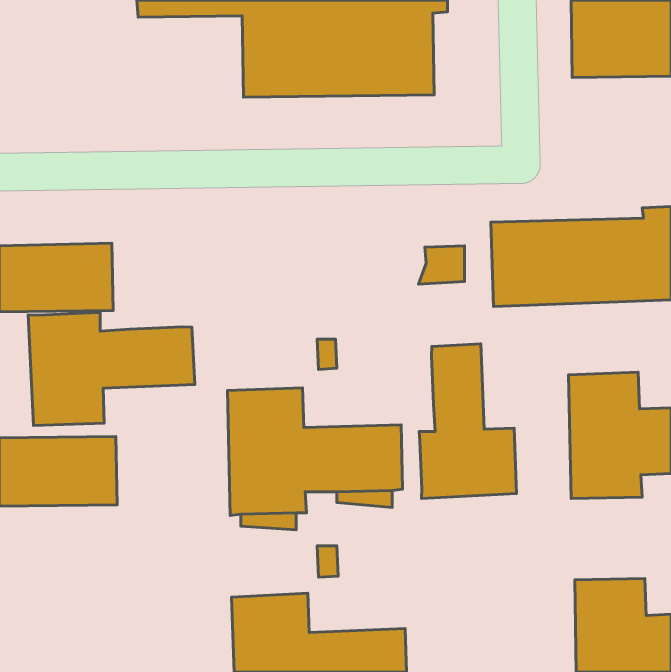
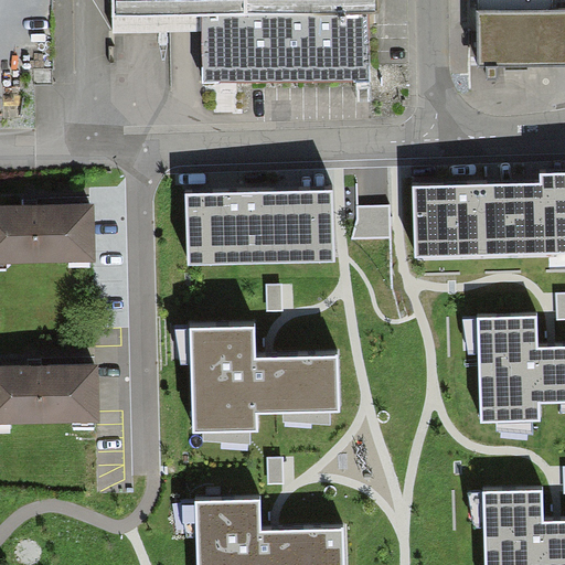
building: none -> [186,191,334,264]
building: [28,312,195,426] -> none
building: [419,344,516,498] -> none

